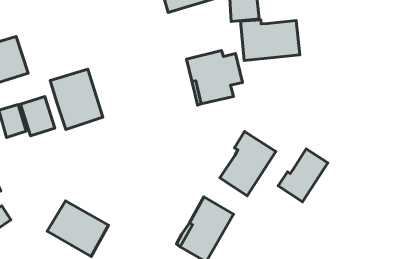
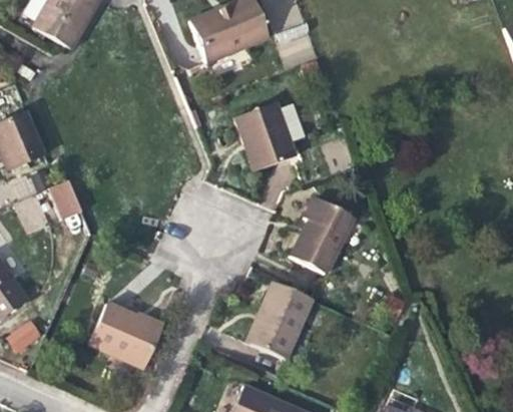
building: [241,20,300,60] -> none
building: [50,69,103,129] -> none
building: [278,149,328,202] -> none

